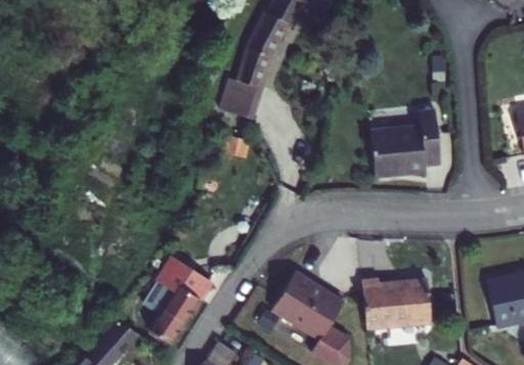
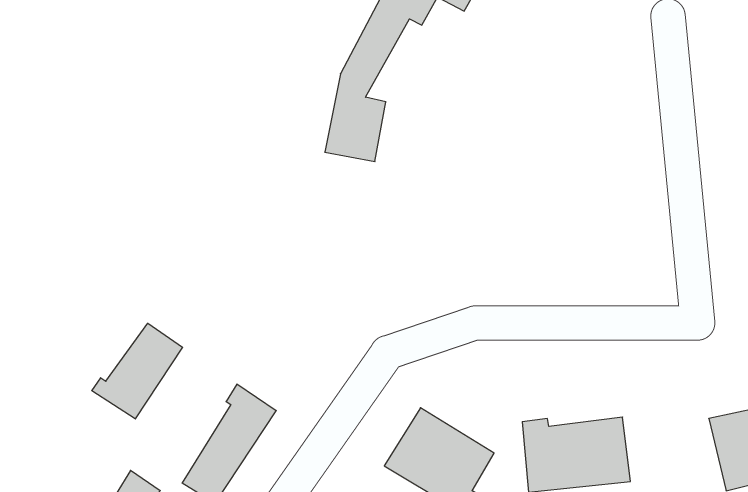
building: [367,111,439,179] -> none
building: none -> [92,323,183,419]

